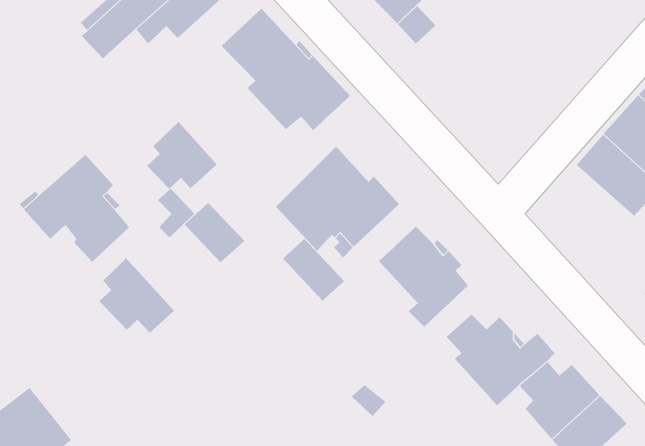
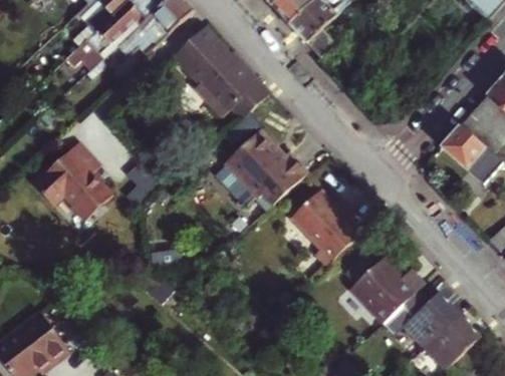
building: [146,121,218,189] -> none
building: [184,202,245,263] -> none
building: [282,238,345,301] -> none
building: [99,257,175,334] -> none

